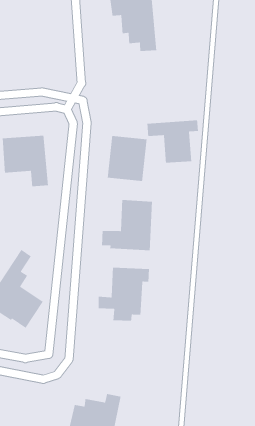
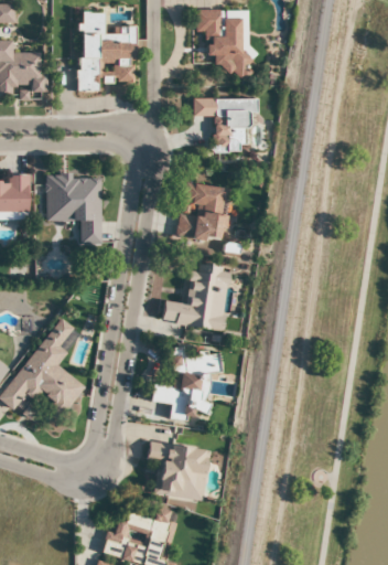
building: none -> [79,12,136,89]
building: [147,119,199,164] -> [193,97,258,150]
building: none -> [147,440,209,501]

